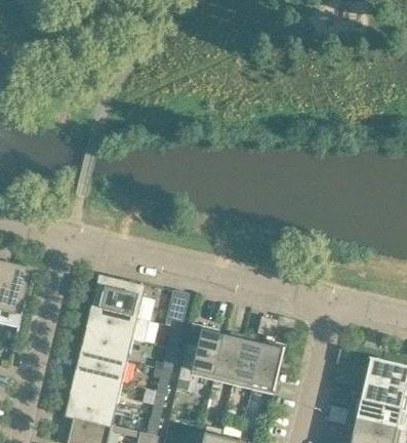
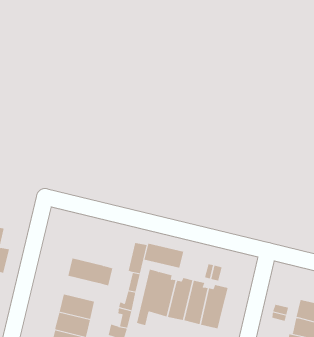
building: [98,287,141,319] -> none
building: none -> [144,243,184,269]
building: [88,331,131,362] -> none

